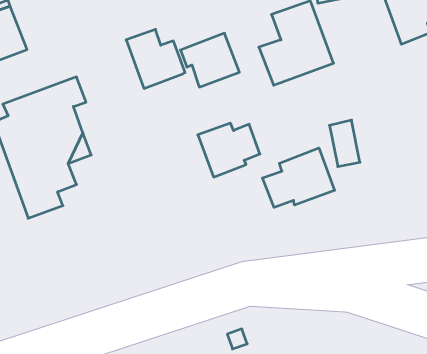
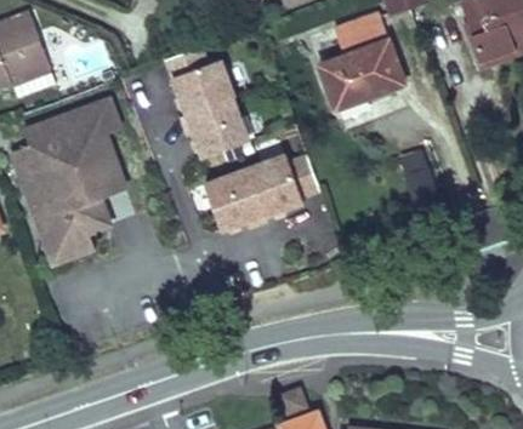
building: [180,33,239,87] -> [180,95,248,156]
building: none -> [205,165,267,227]
building: [262,148,335,207] -> none

